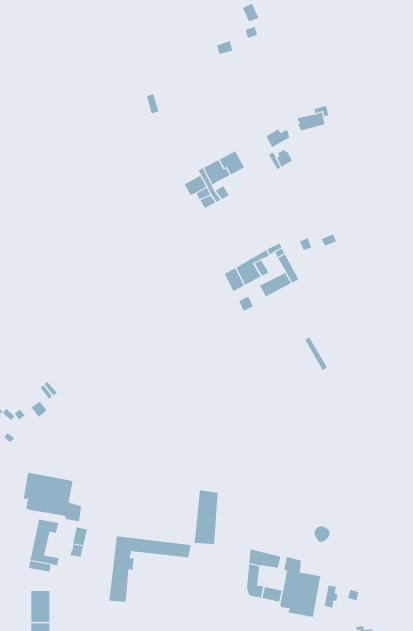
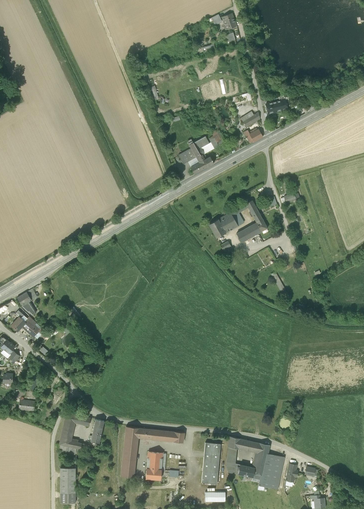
building: [23,472,82,522] -> none
building: [194,490,219,544] -> [201,442,220,484]
building: none -> [145,452,162,480]

